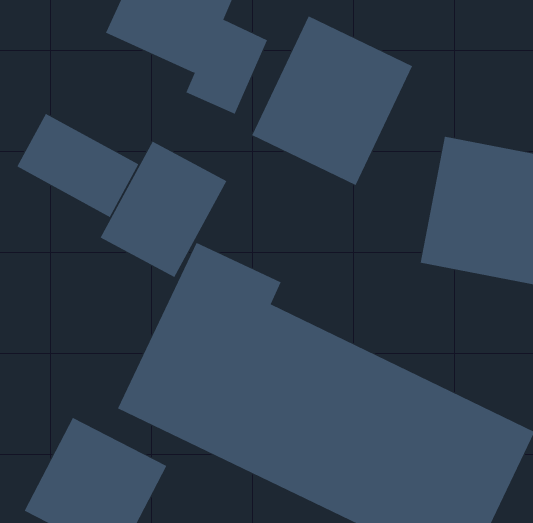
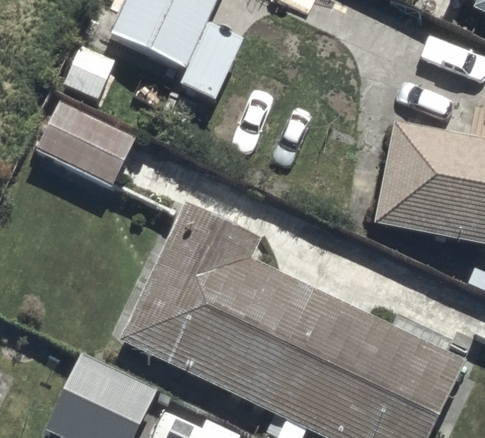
building: [251,15,413,186] -> none
building: [100,141,227,278] -> none

